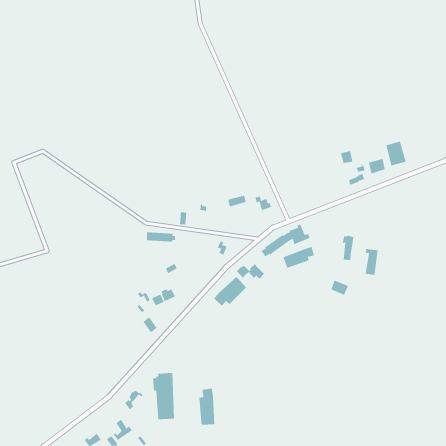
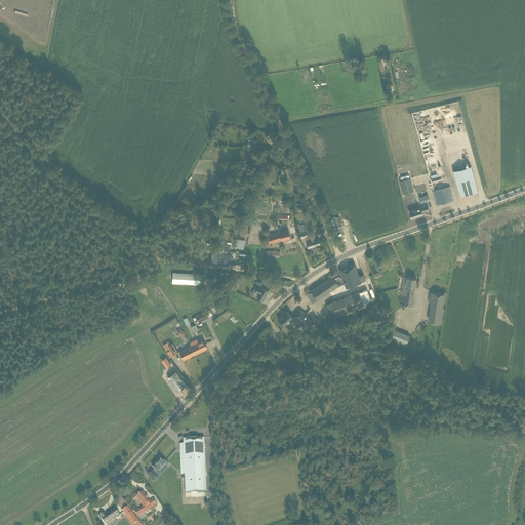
building: [214,276,247,307] -> none
building: [199,388,215,426] -> none

